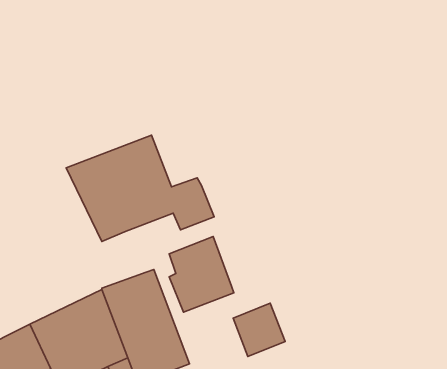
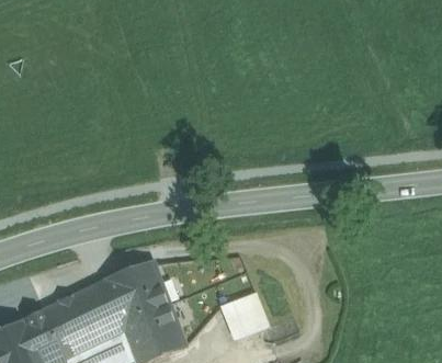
building: [66,135,214,241] -> none
building: [169,236,234,312] -> none

